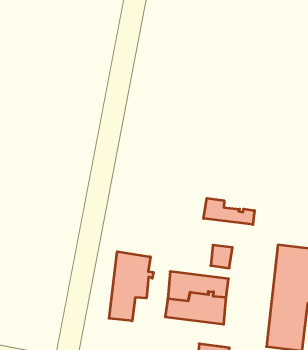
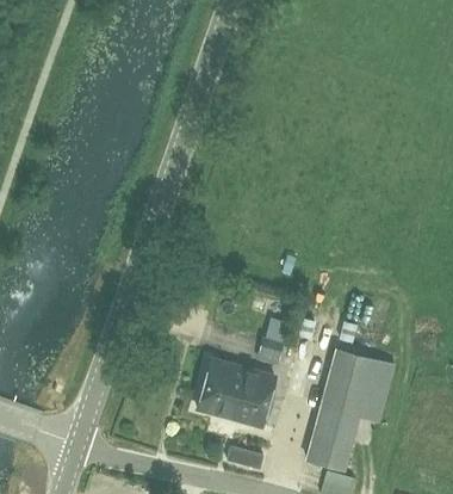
building: [204,198,254,225] -> none
building: [109,252,153,321] -> none

